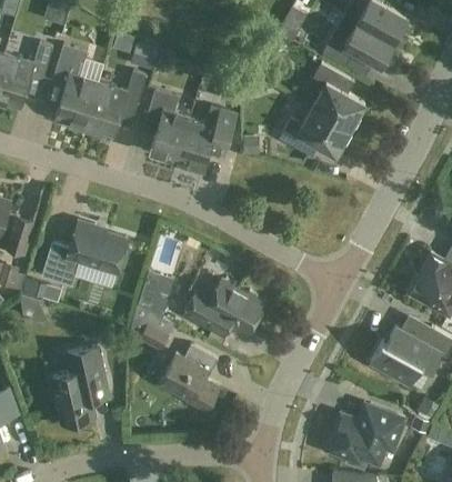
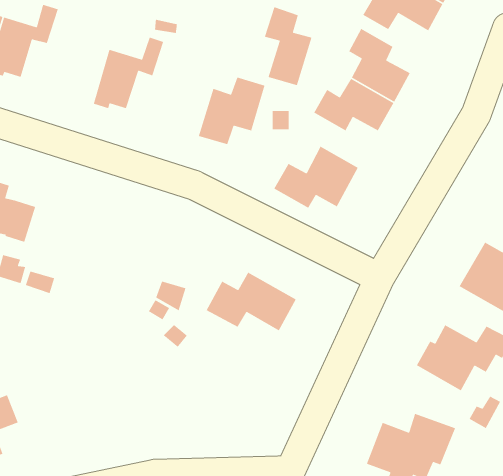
building: [52,46,98,132] -> none
building: [147,89,190,160] -> [264,6,313,86]
building: none -> [273,146,359,209]
building: [41,221,128,282] -> none
building: [160,344,219,411] -> none
building: [49,347,109,425] -> none

